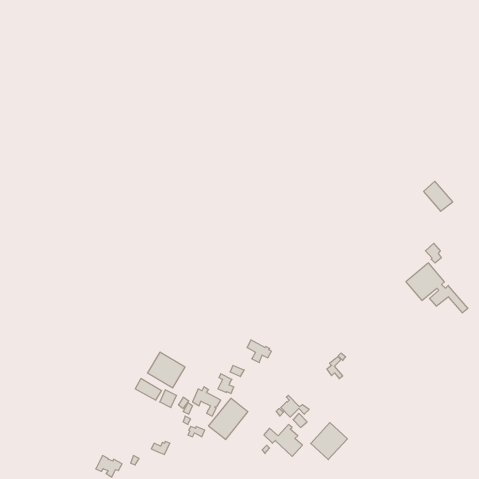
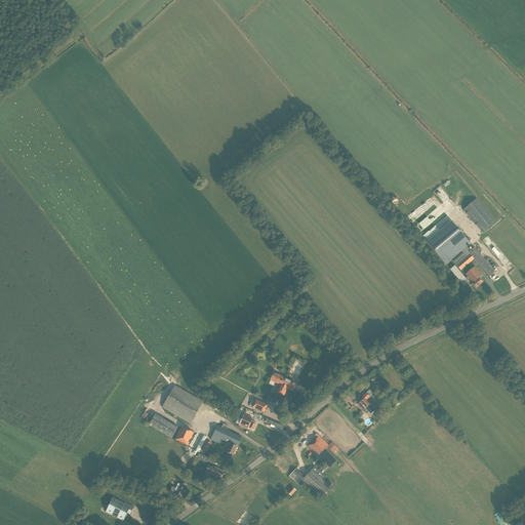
building: [406,263,468,313] -> [427,221,494,276]
building: [209,398,248,440] -> none
building: [311,423,347,460] -> none

